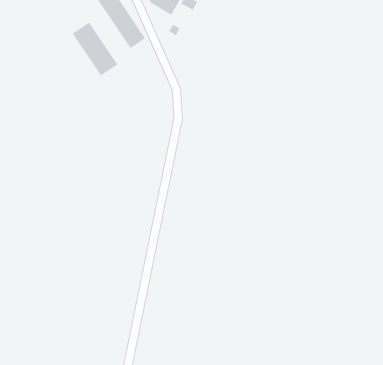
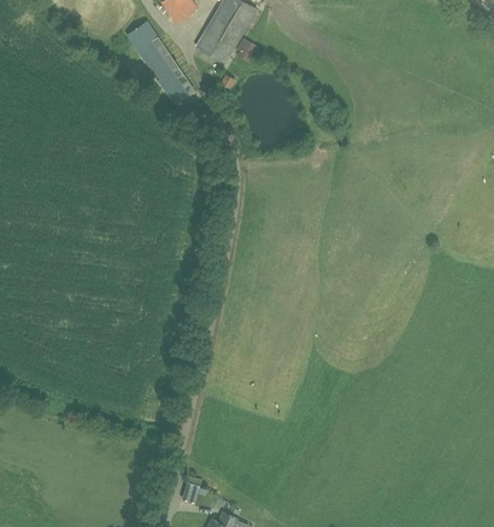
building: [72,22,118,76] -> none

